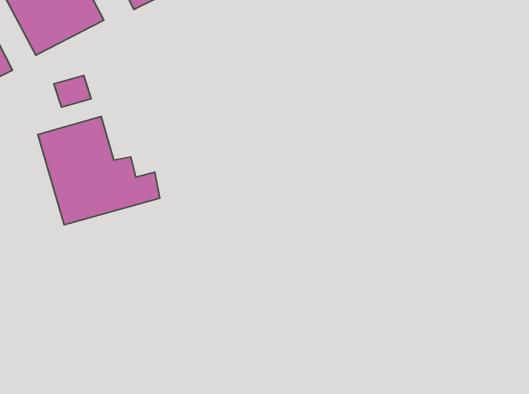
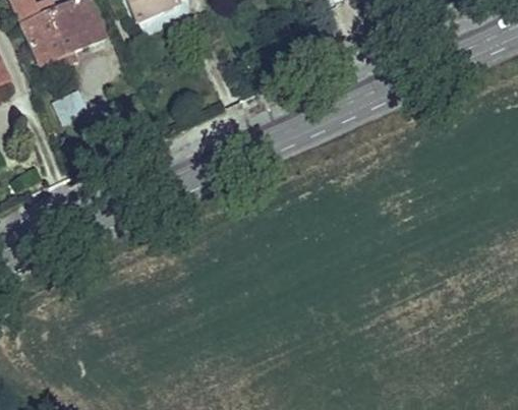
building: [38,117,160,225] -> none

